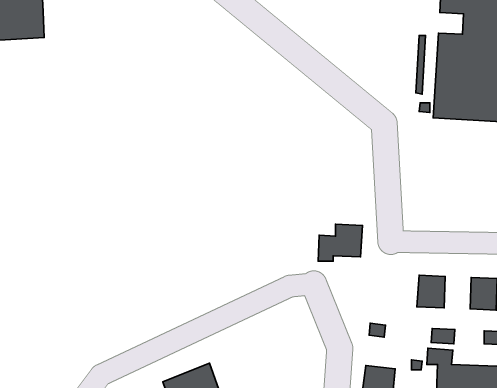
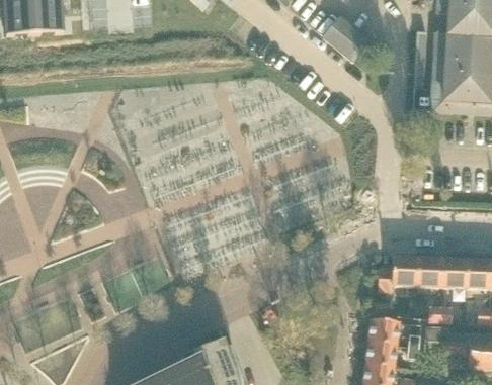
building: none -> [321,15,367,61]
building: [318,224,363,261] -> [375,257,416,291]
building: none -> [439,259,465,289]
building: none -> [366,319,397,345]

